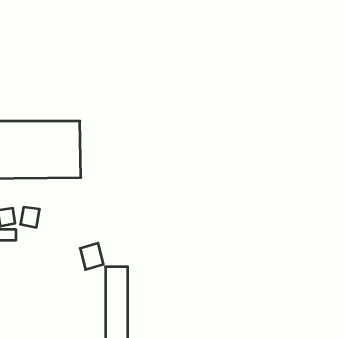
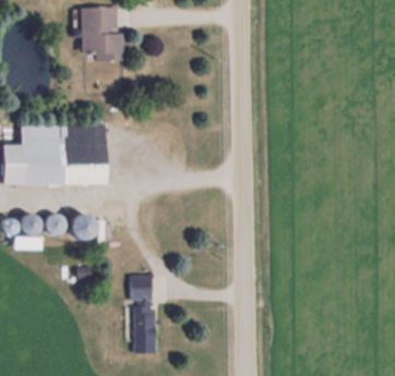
building: none -> [80,8,123,63]
building: [80,243,103,270] -> [70,213,94,240]

